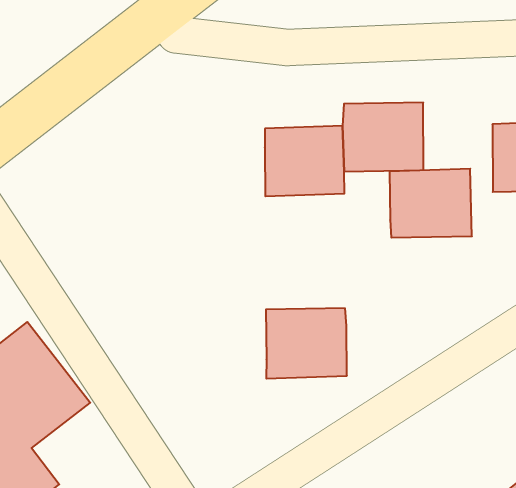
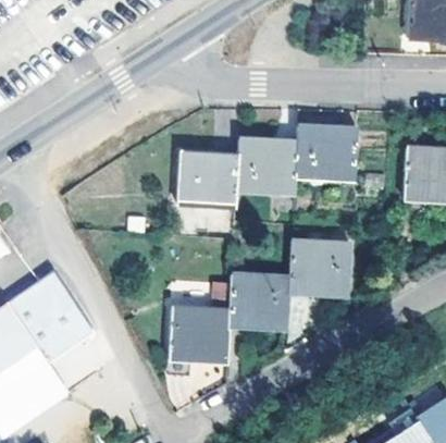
building: none -> [176,153,237,205]
building: [390,169,472,238] -> [288,242,350,294]
building: none -> [168,308,227,362]

